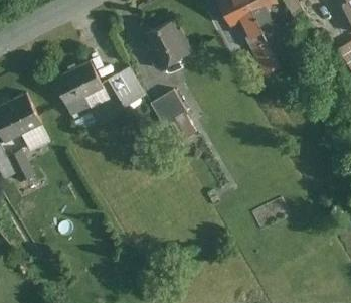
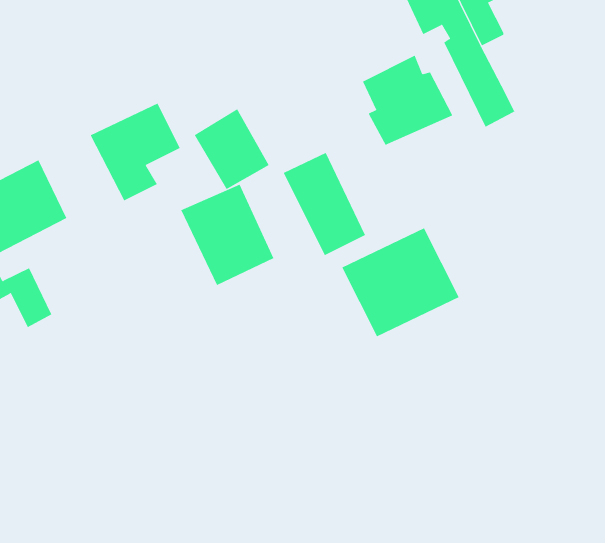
building: [143,21,191,69] -> [362,55,453,146]
building: none -> [181,184,274,286]
building: none -> [341,228,460,337]

